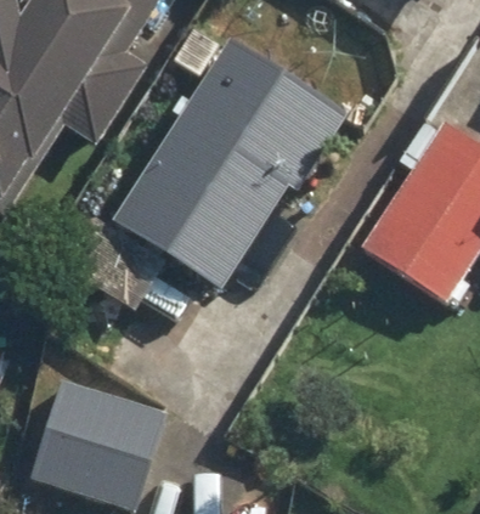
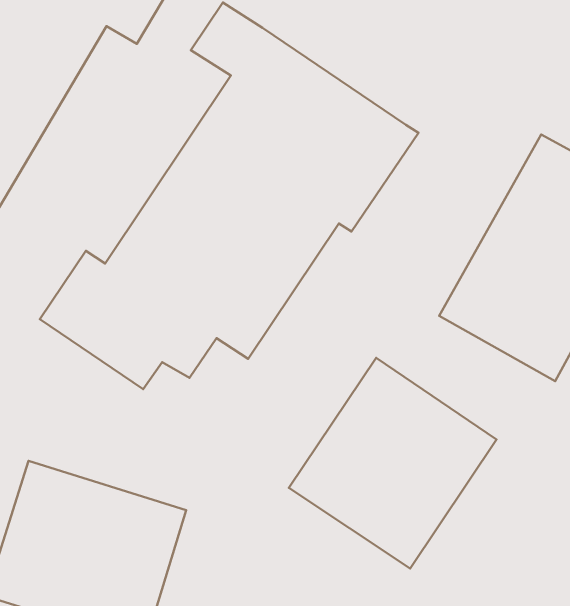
building: none -> [289,358,496,568]

